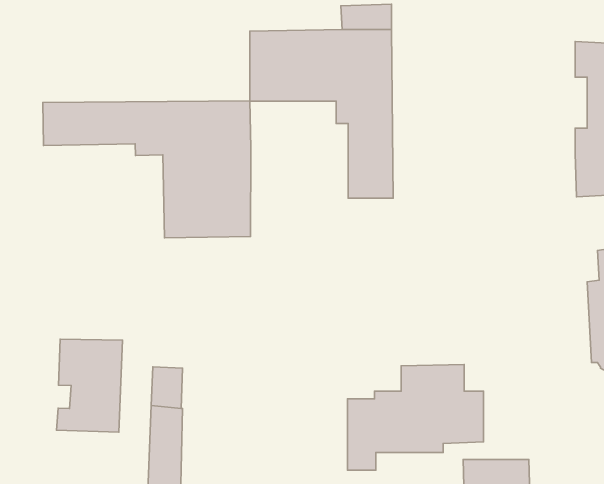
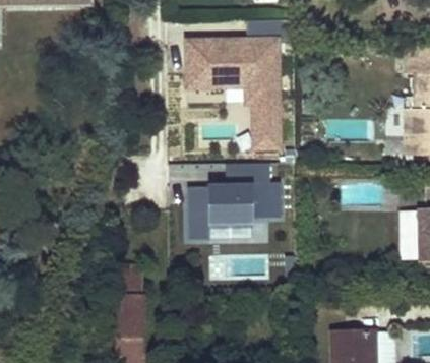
building: [43,101,251,238] -> none
building: [57,339,122,432] -> none
building: [348,364,483,470] -> [189,164,282,236]

